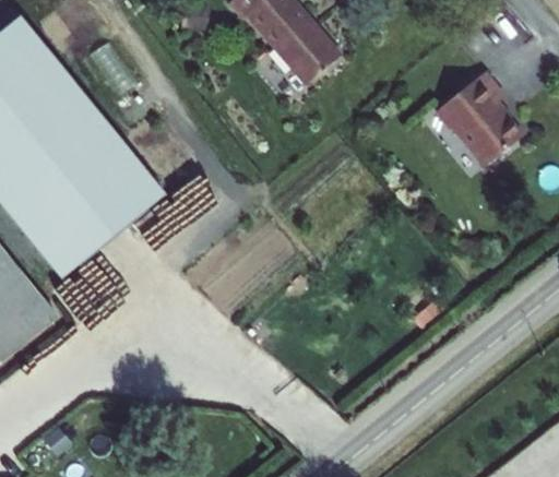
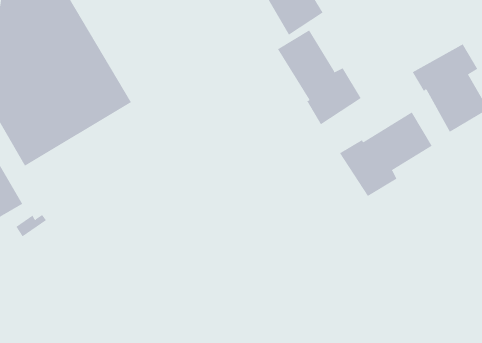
building: none -> [277,30,361,125]
building: none -> [339,111,433,197]

